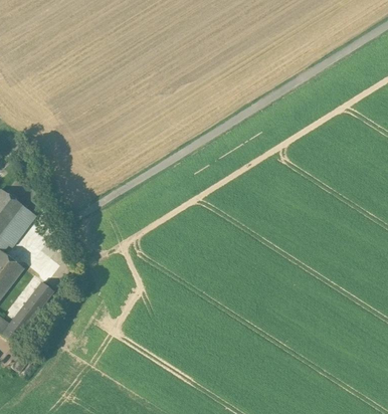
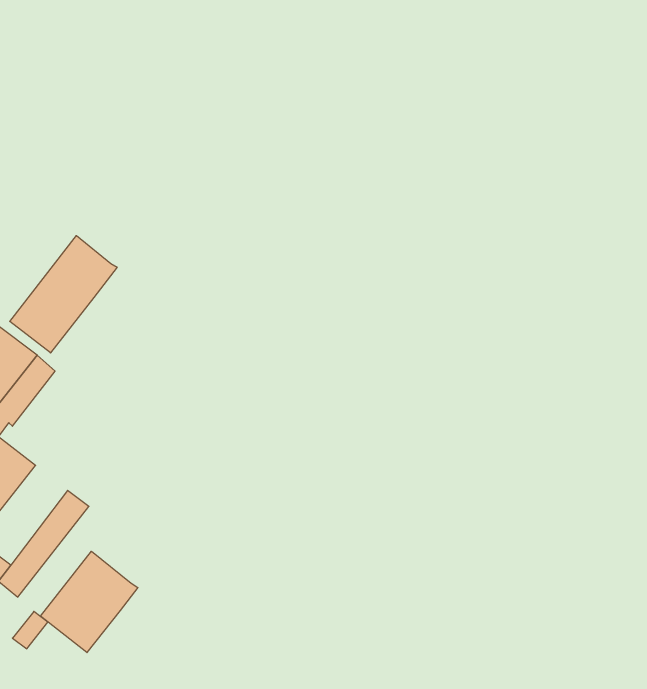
building: none -> [10,236,117,353]
building: none -> [41,551,138,653]

